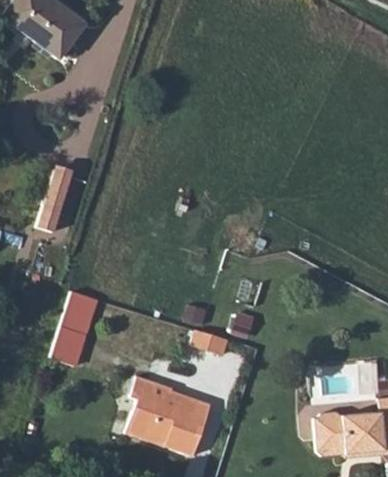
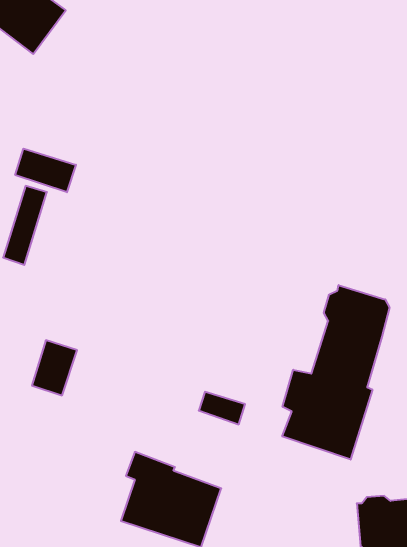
building: none -> [15,149,76,192]
building: none -> [282,285,389,460]
building: [50,325,84,364] -> none

